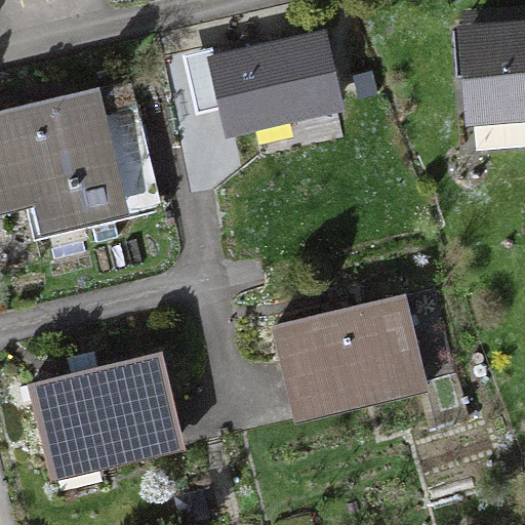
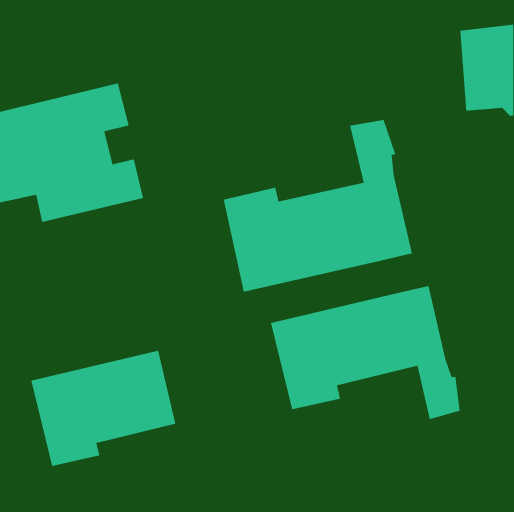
building: [208,35,337,134] -> none
building: none -> [223,119,412,292]

